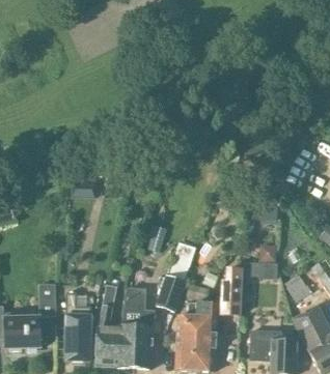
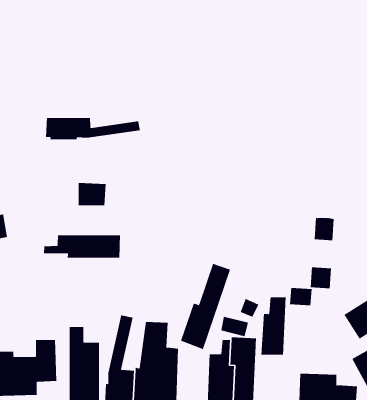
building: none -> [45,117,140,140]
building: none -> [44,235,121,259]

